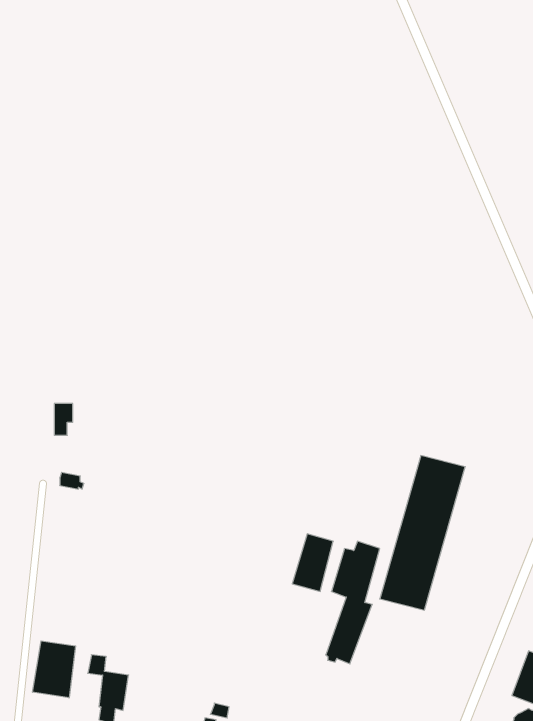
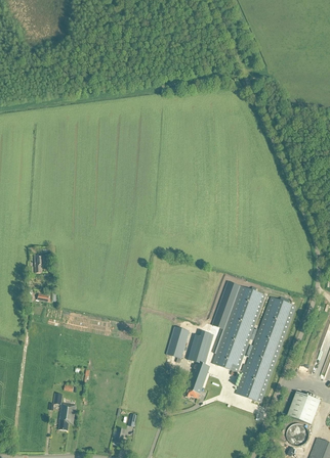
building: none -> [239,292,291,398]
building: [33,641,76,698] -> none

